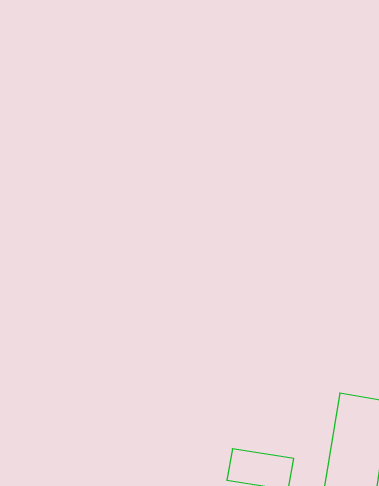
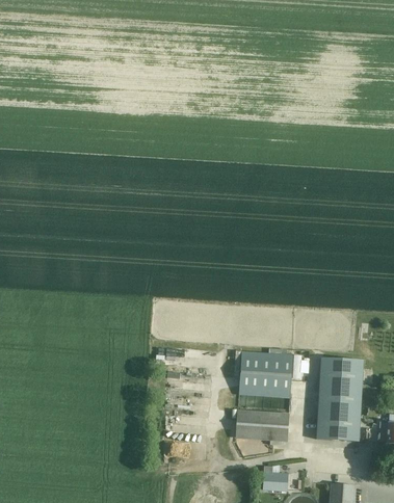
building: none -> [239,350,293,396]

